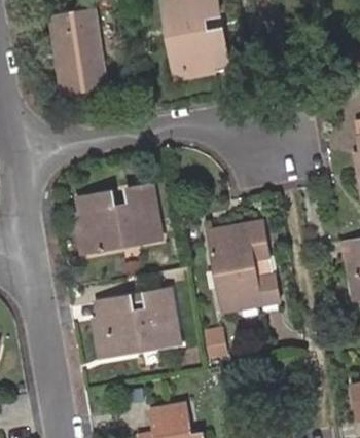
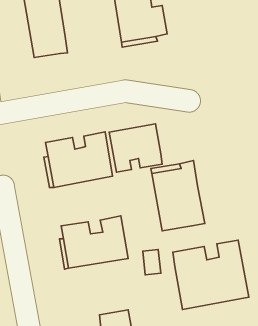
building: none -> [109,124,162,172]
building: none -> [173,240,249,309]

